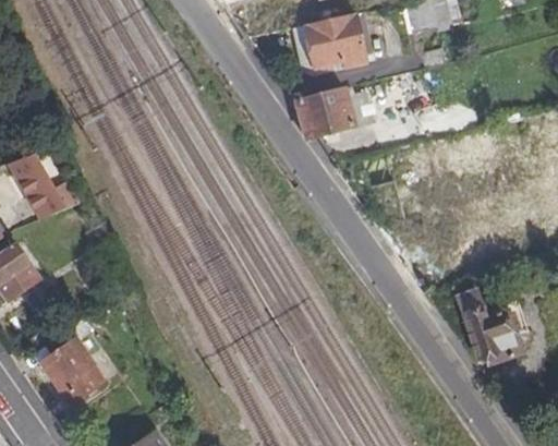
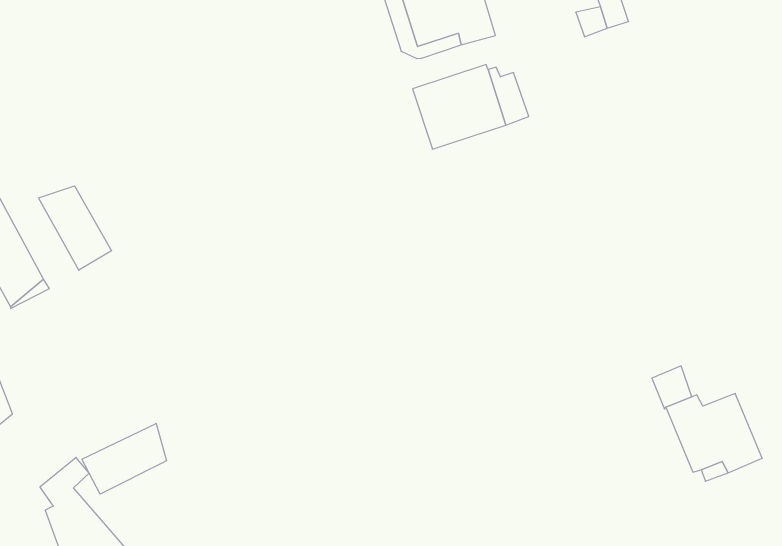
building: none -> [39,186,112,270]
building: none -> [82,423,167,494]

